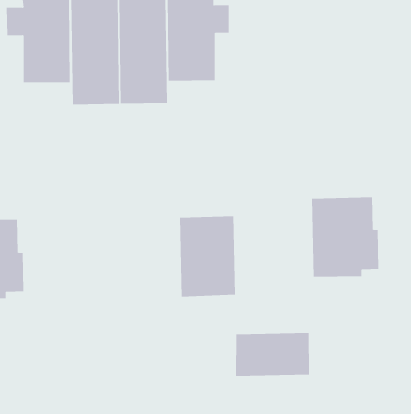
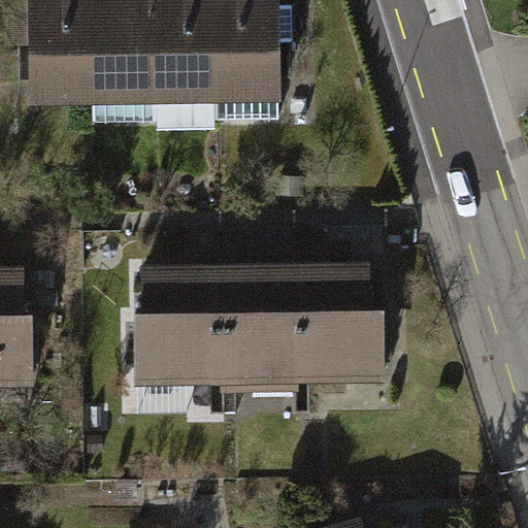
building: [311,197,379,277] -> [298,272,385,374]
building: none -> [144,276,230,378]
building: [236,332,309,377] -> none

